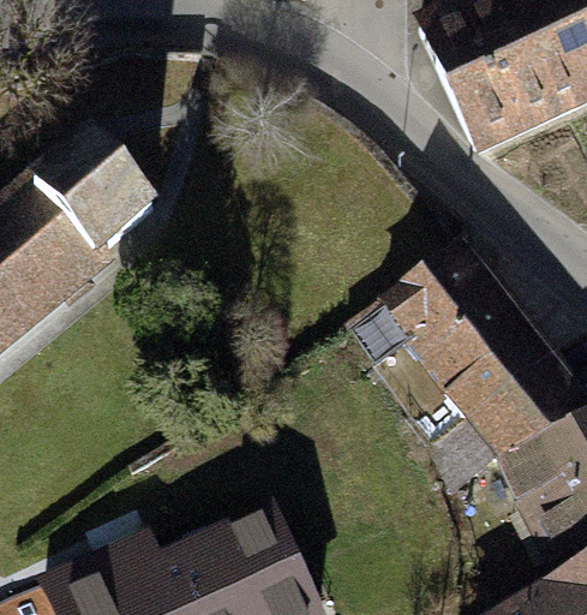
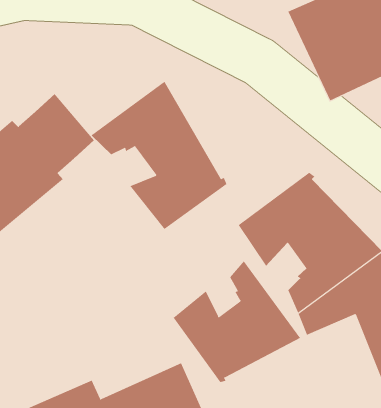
building: none -> [90,81,227,230]
building: none -> [173,260,301,383]

